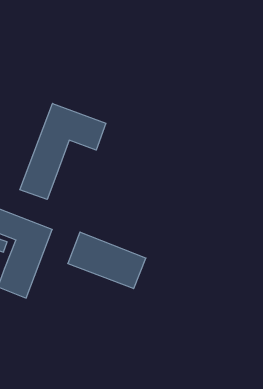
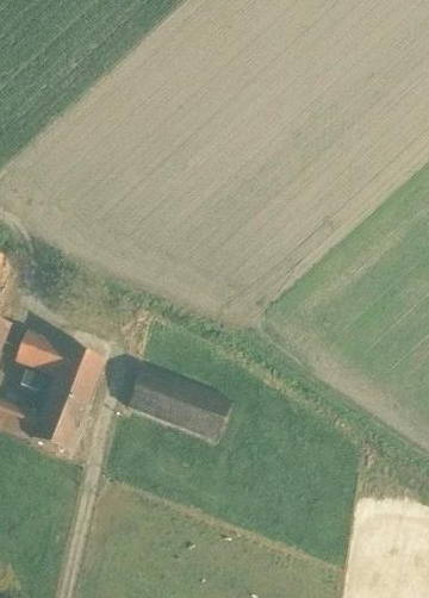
building: [20,103,106,199] -> none

